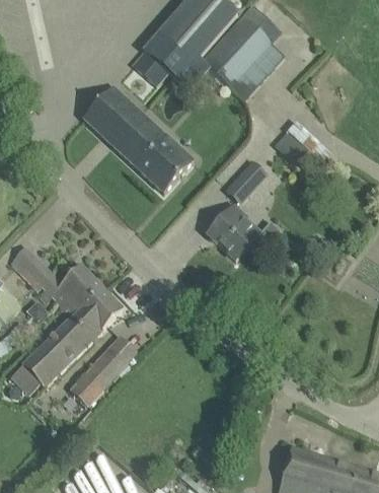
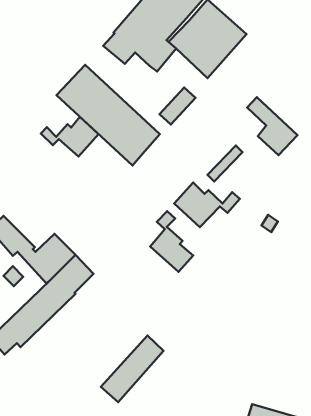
building: none -> [41,117,99,156]
building: [226,161,264,201] -> [160,87,196,124]
building: none -> [150,211,193,272]
building: [69,335,136,406] -> [101,336,164,402]

